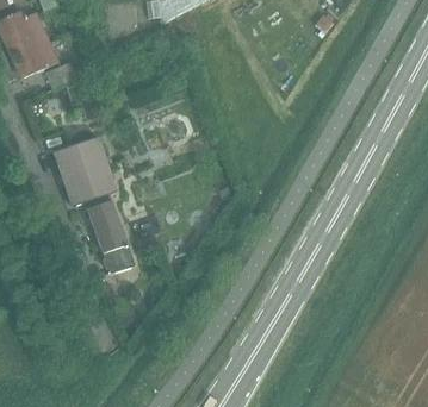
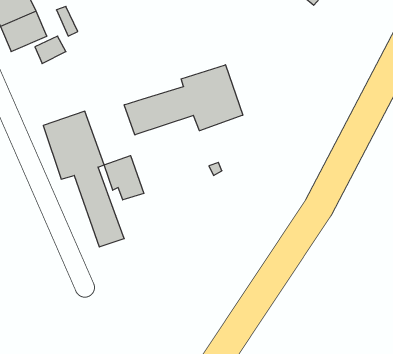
building: none -> [124,65,243,135]
building: none -> [104,156,144,200]

